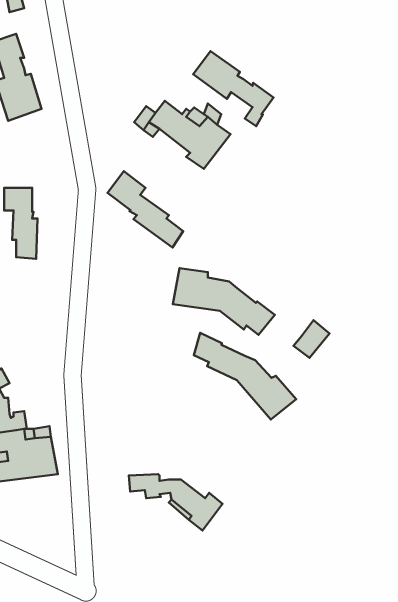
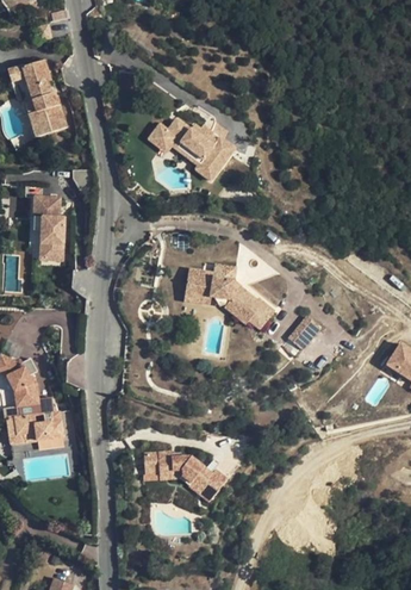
building: [193,51,273,126] -> none
building: [107,171,183,247] -> none
building: [194,333,296,419] -> none

